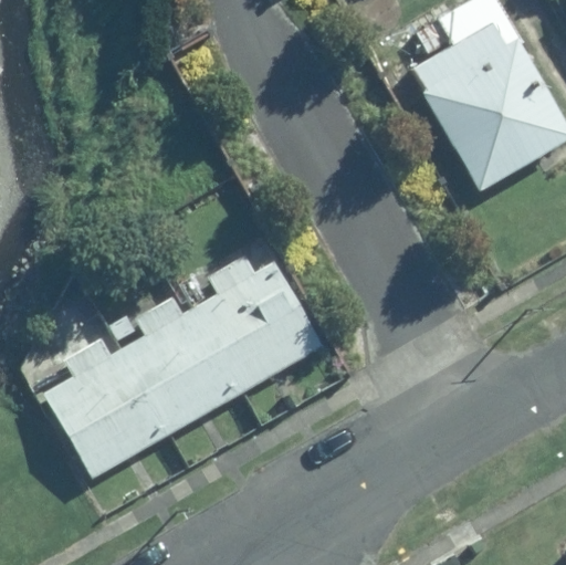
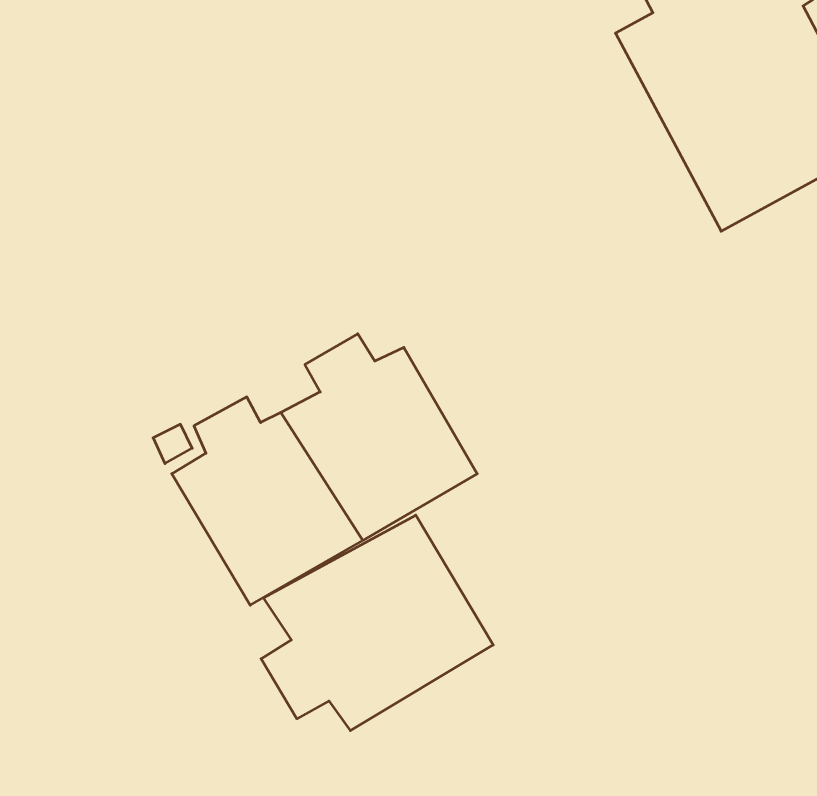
building: [44,341,172,478] -> none
building: none -> [261,515,493,731]

